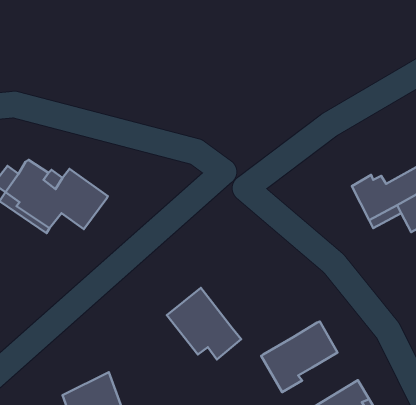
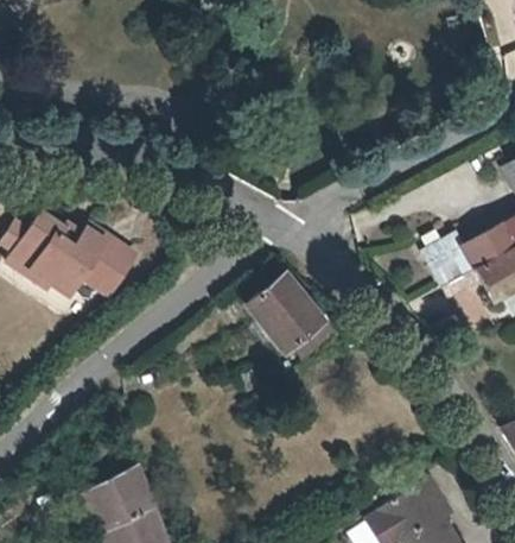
building: [167,288,241,359] -> [244,272,332,356]
building: [261,322,337,392] -> none

